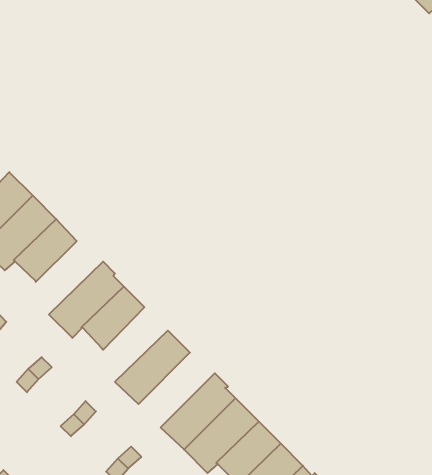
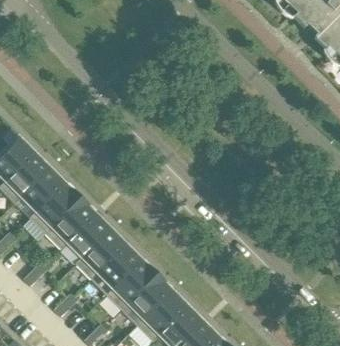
building: none -> [30,182,83,232]
building: none -> [76,227,127,278]
building: none -> [107,258,159,309]

